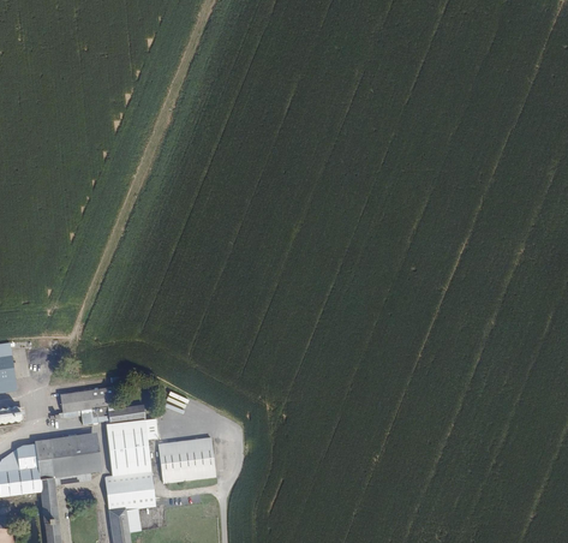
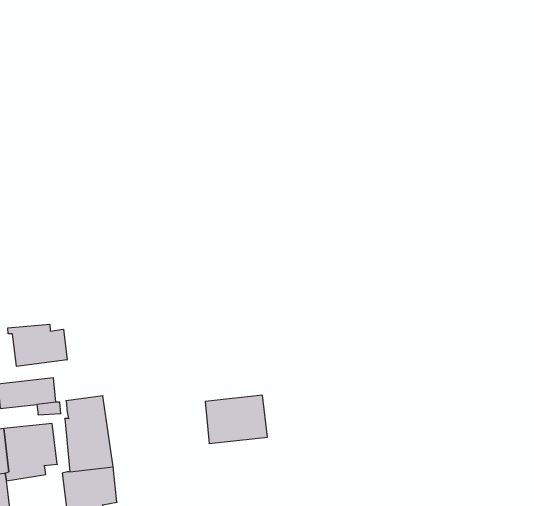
building: none -> [8,324,67,366]
building: [160,438,219,484] -> [205,395,267,443]

